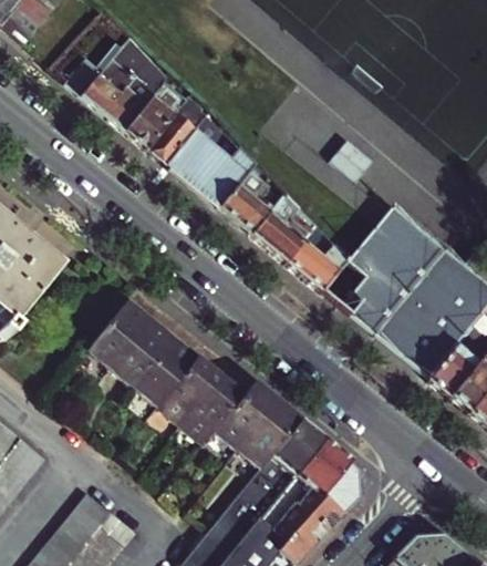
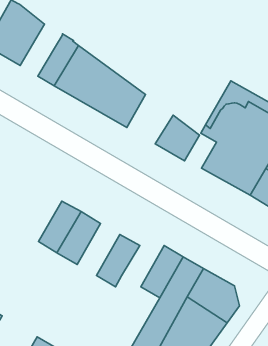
building: [124,80,186,147] -> none
building: [252,195,317,263] -> none
building: [86,299,151,368] -> none
building: [157,357,220,425] -> none
building: [214,382,277,450] -> none

